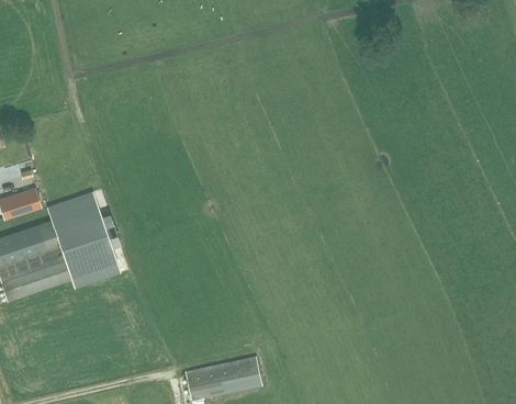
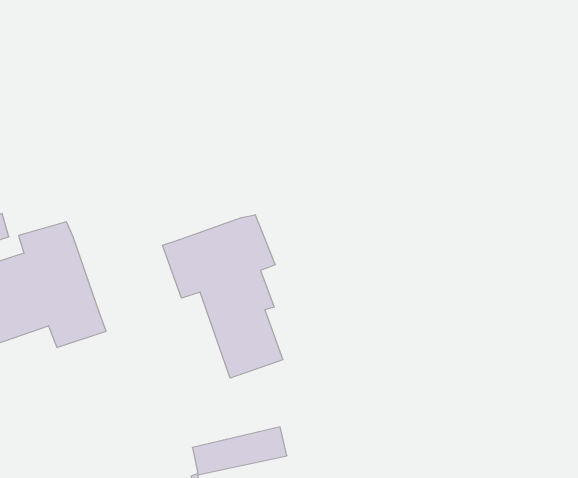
building: none -> [163,215,283,378]

